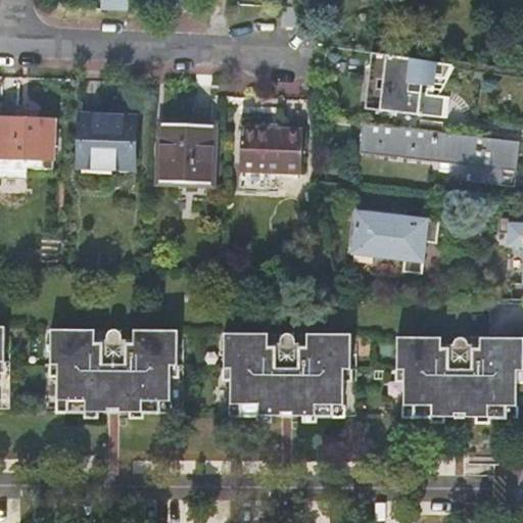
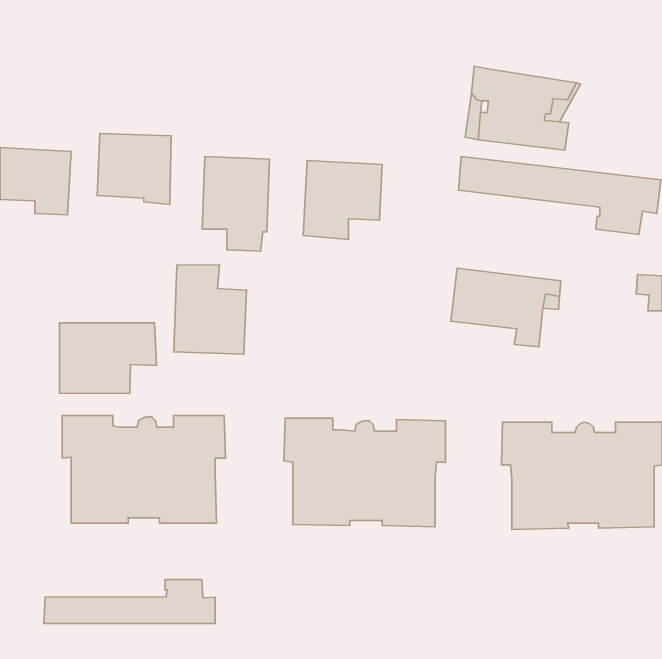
building: none -> [174,265,246,354]
building: none -> [59,323,157,393]
building: none -> [44,579,215,623]

